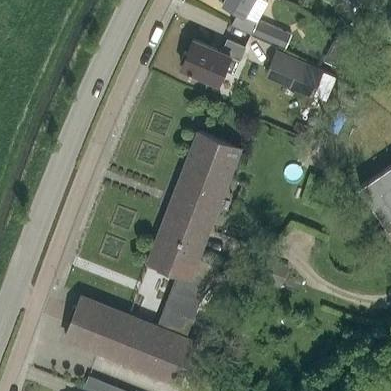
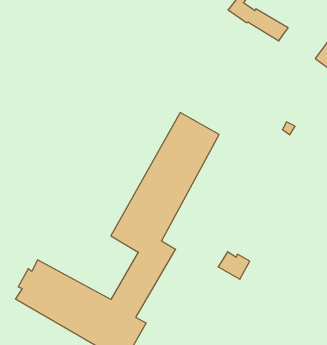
building: [180,41,246,84] -> none
building: [265,51,325,98] -> none

